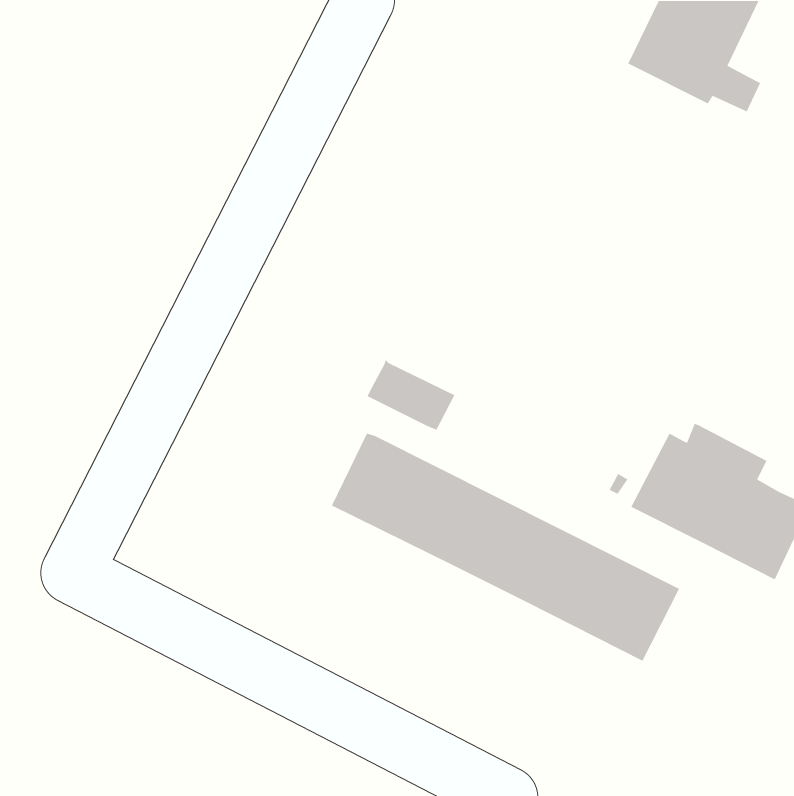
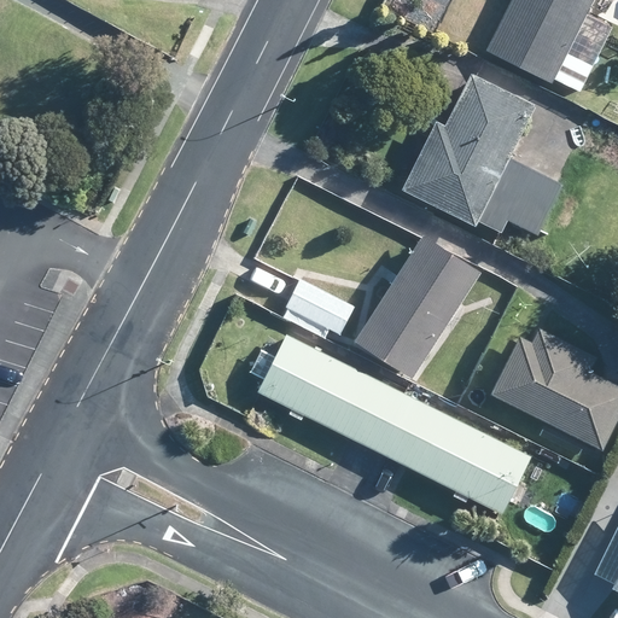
building: none -> [401,74,562,234]
building: none -> [356,237,479,378]

